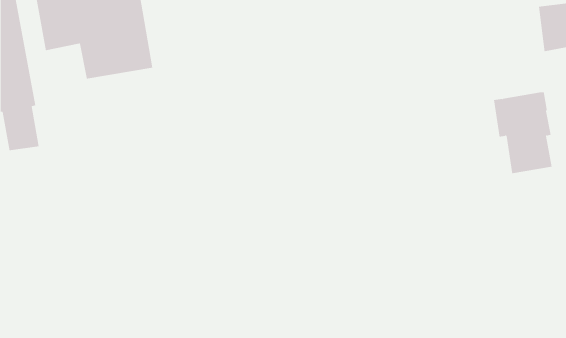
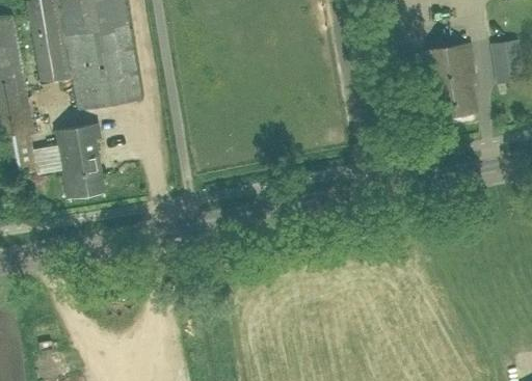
building: [493,92,552,174] -> [422,43,476,117]
building: none -> [55,121,105,197]

